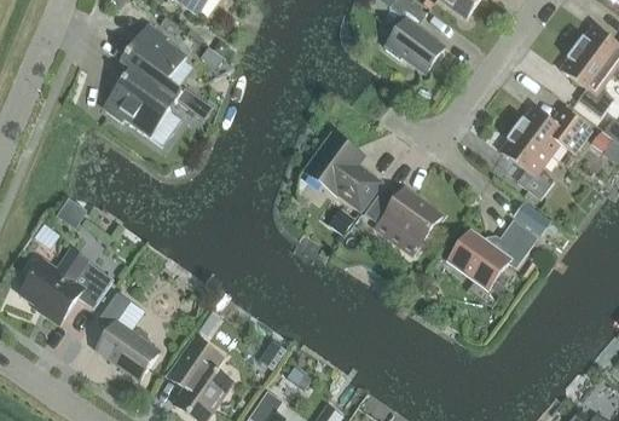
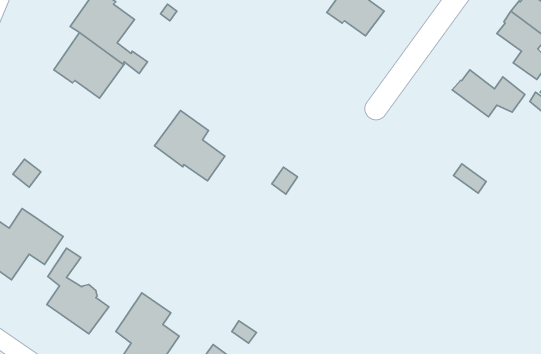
building: [499,127,554,198] -> none
building: [306,134,378,207] -> [155,111,225,181]
building: [364,184,441,244] -> none
building: [450,220,537,287] -> none

